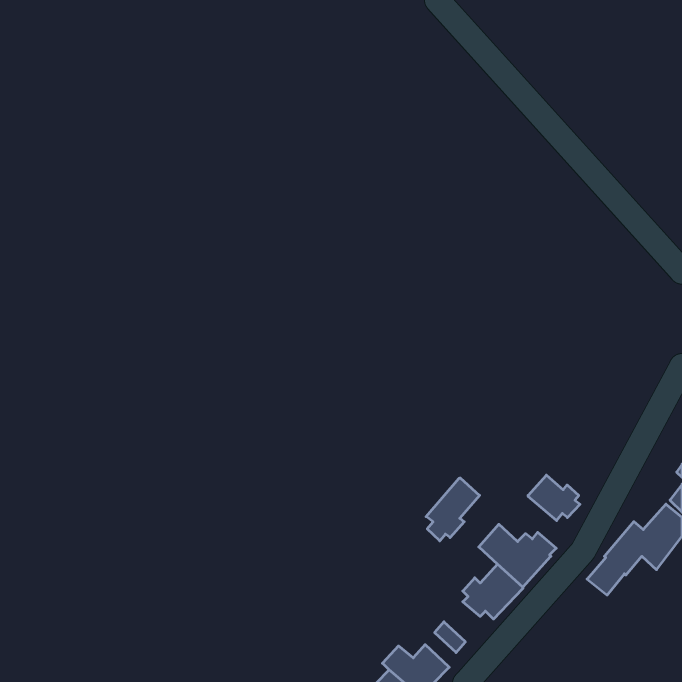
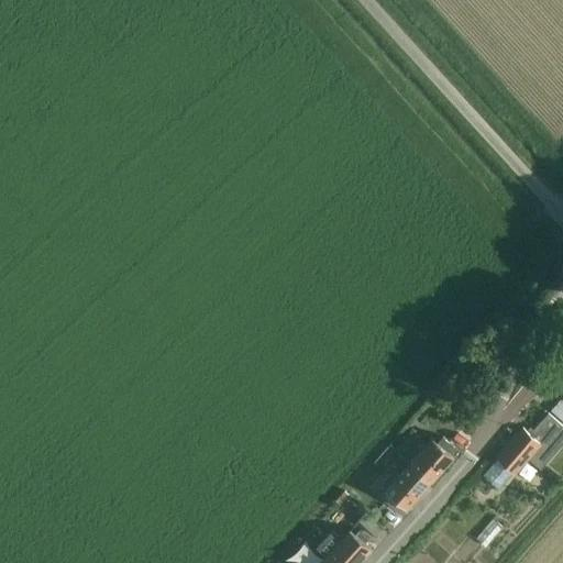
building: [528,475,580,521] -> none
building: [426,478,480,541] -> none

